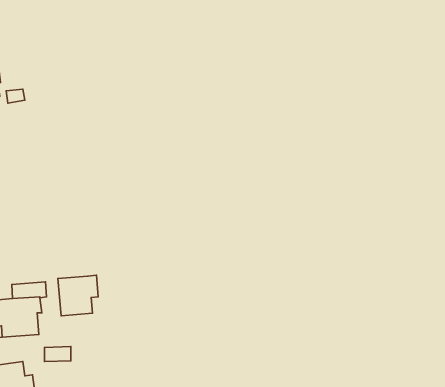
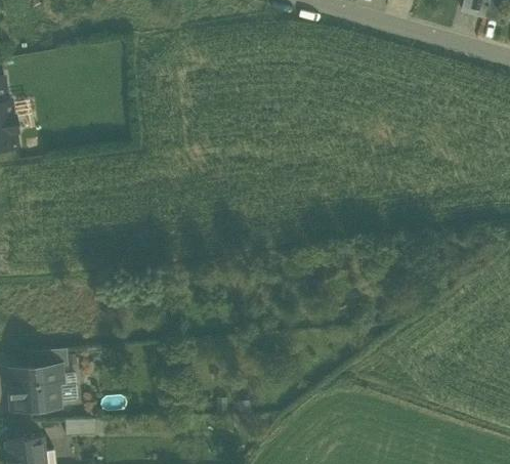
building: [58,275,98,316] -> none

